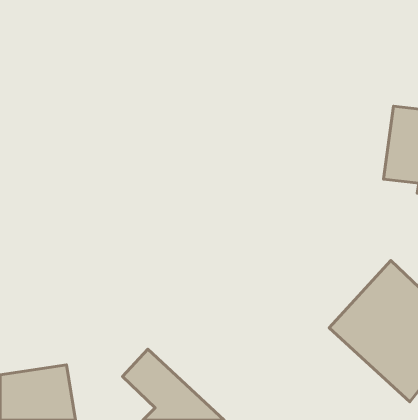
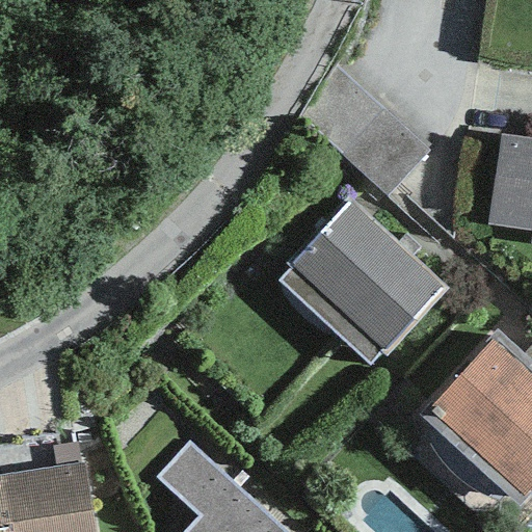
building: none -> [280,201,447,366]

